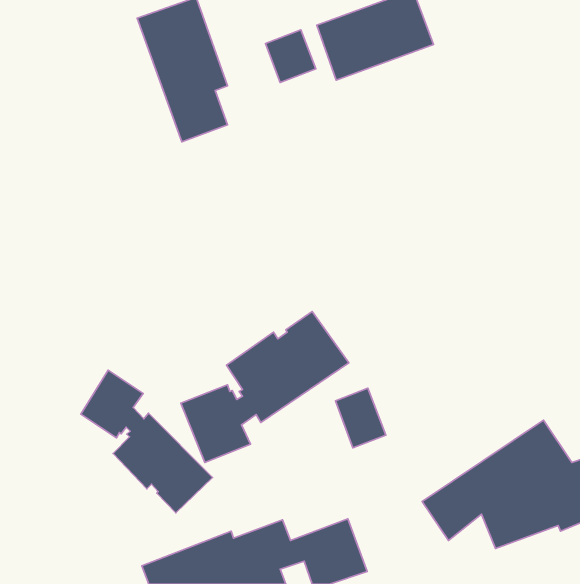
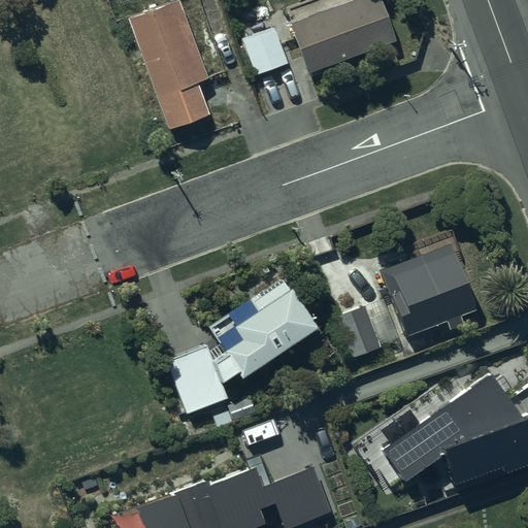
building: none -> [381,245,477,338]
building: [81,370,213,513] -> none
building: [336,388,386,448] -> [338,306,384,360]

